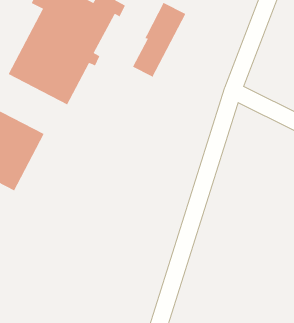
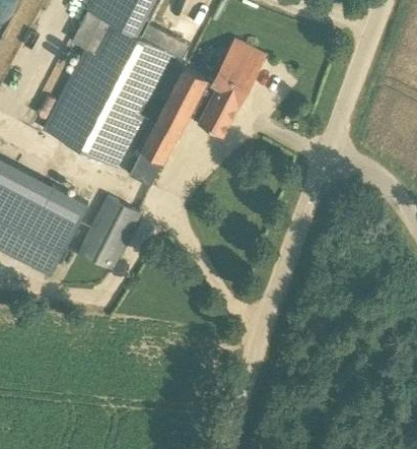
building: none -> [129,67,215,187]
building: none -> [78,197,140,270]

